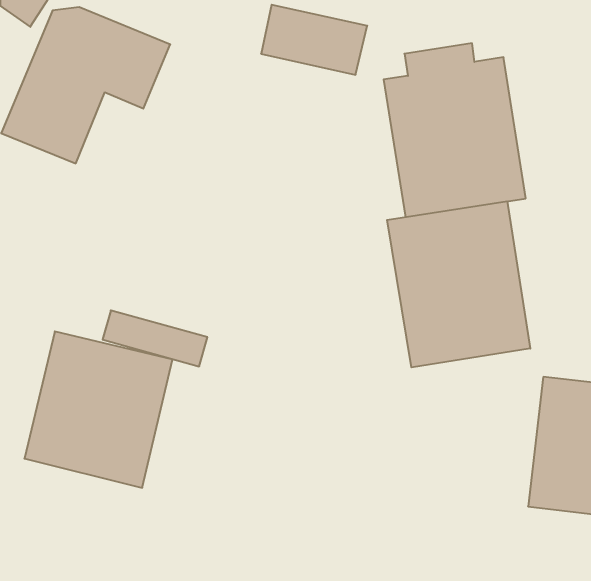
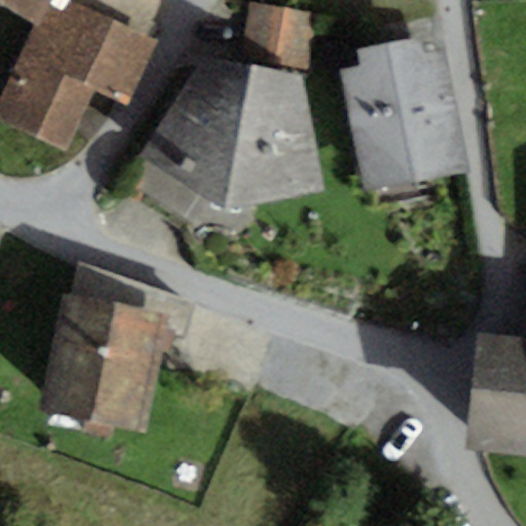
building: none -> [150,48,323,210]
building: [387,201,530,367] -> none

